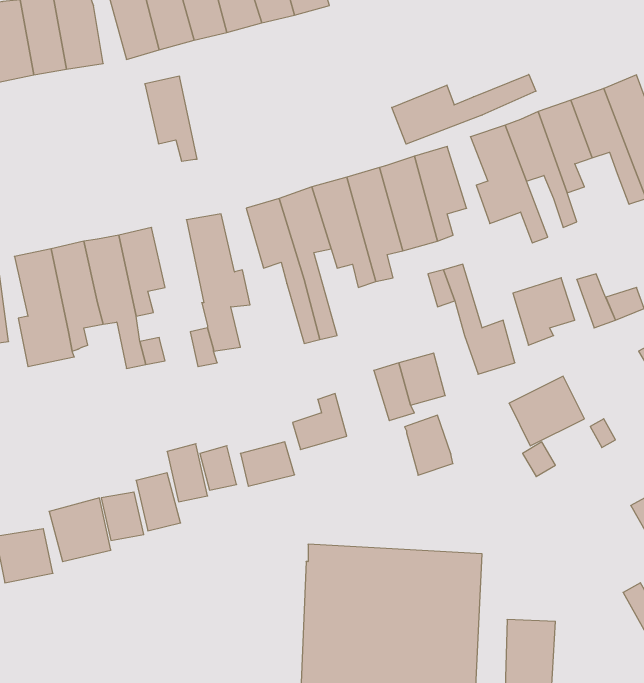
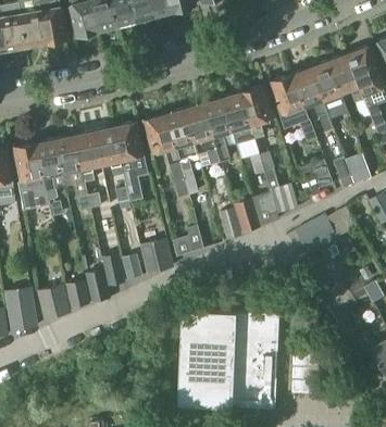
building: [392,74,536,144] -> none
building: [145,76,197,161] -> [94,127,123,175]
building: [405,415,453,475] -> [251,192,278,226]

